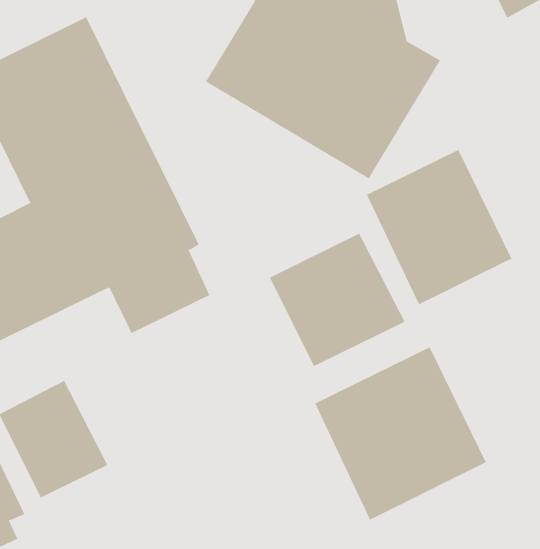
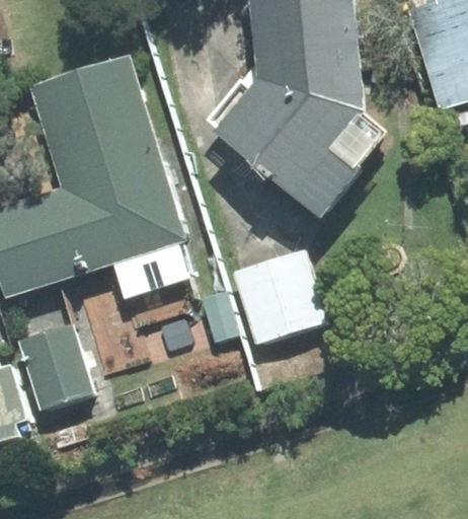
building: [366,149,512,305] -> none
building: [314,346,486,521] -> none

